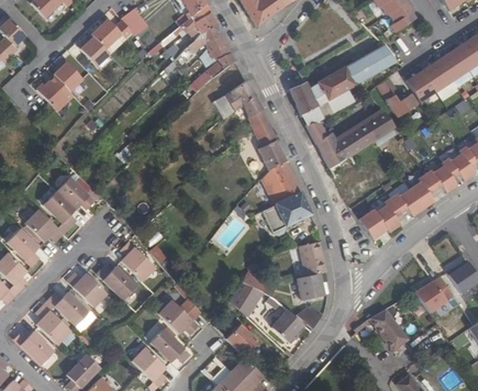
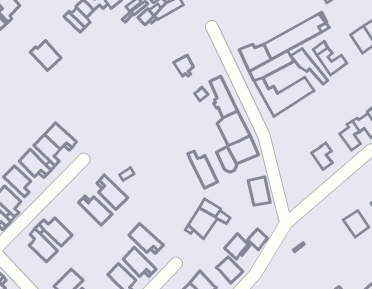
building: [207,34,235,77] -> none
building: [54,62,84,93] -> none
building: [407,70,437,103] -> none
building: [226,81,267,126] -> none
building: [391,189,424,216] -> none
building: [359,209,388,239] -> none
building: none -> [188,151,217,188]
building: [66,270,107,305] -> none
building: [299,272,325,298] -> none
building: [370,310,409,350] -> none
building: [224,322,256,354] -> [216,257,243,283]
building: [13,329,52,362] -> none

